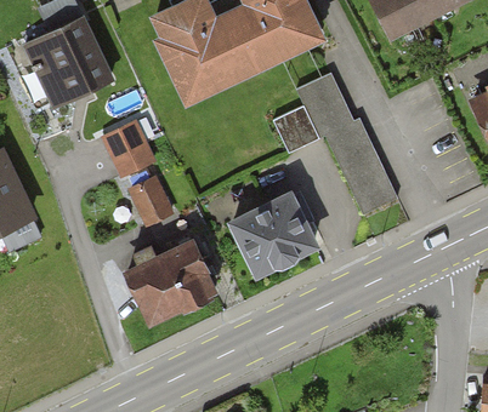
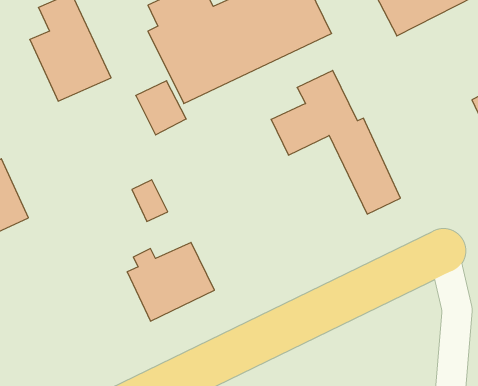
building: [103,124,153,177] -> [136,81,186,135]
building: [233,189,322,275] -> none

